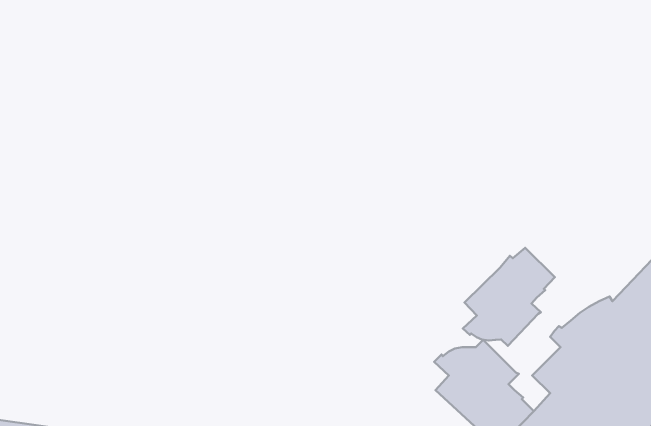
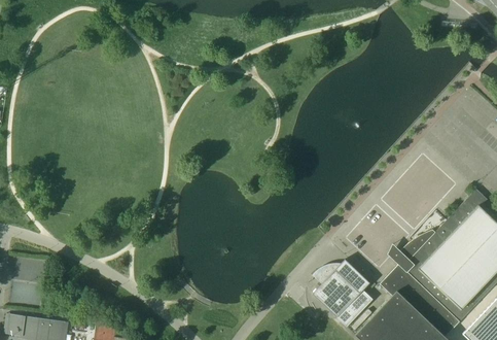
building: [463,248,555,346] -> none

